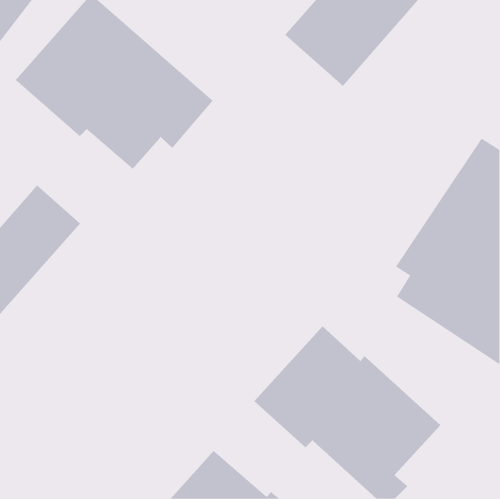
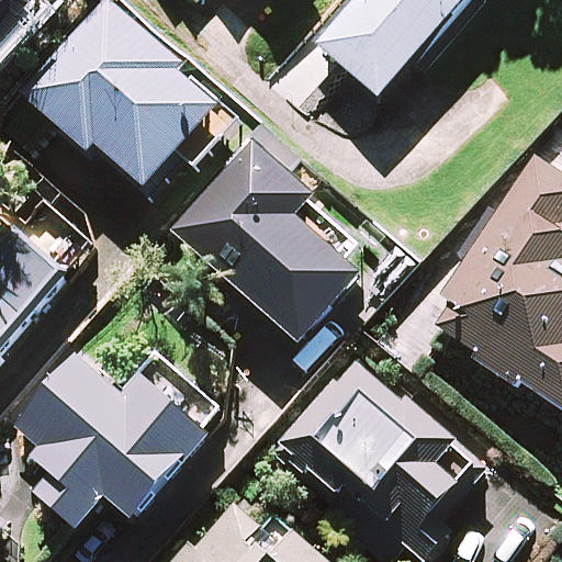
building: none -> [172,142,361,342]
building: none -> [12,353,212,527]

